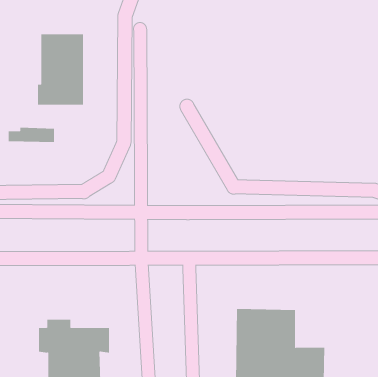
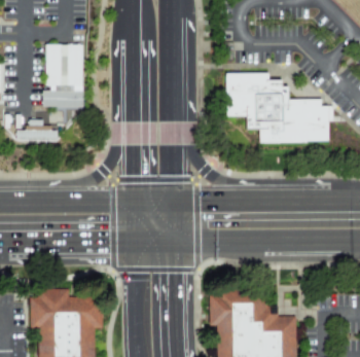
building: none -> [227,75,332,142]

